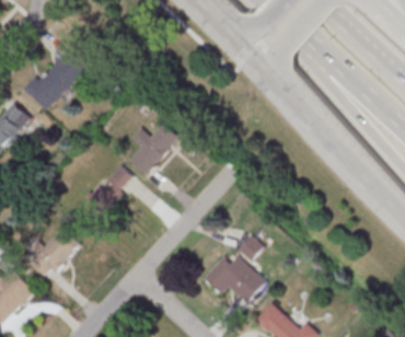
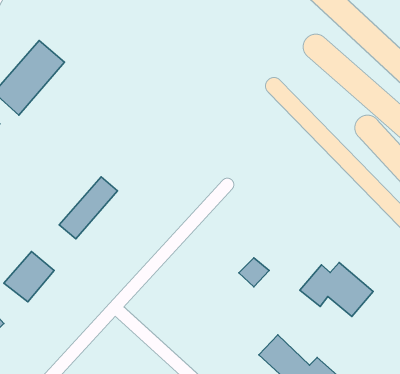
building: [127,123,177,175] -> none
building: [201,256,265,303] -> [300,262,373,317]

